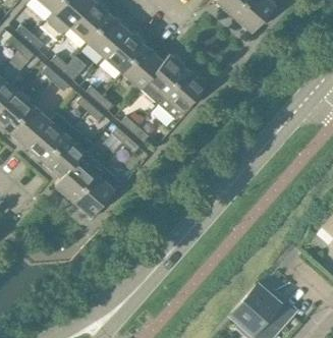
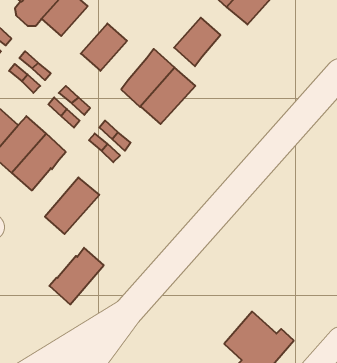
building: [88,17,128,59] -> none
building: [122,48,163,91] -> [174,18,220,66]
building: [55,153,103,203] -> [49,248,104,304]

